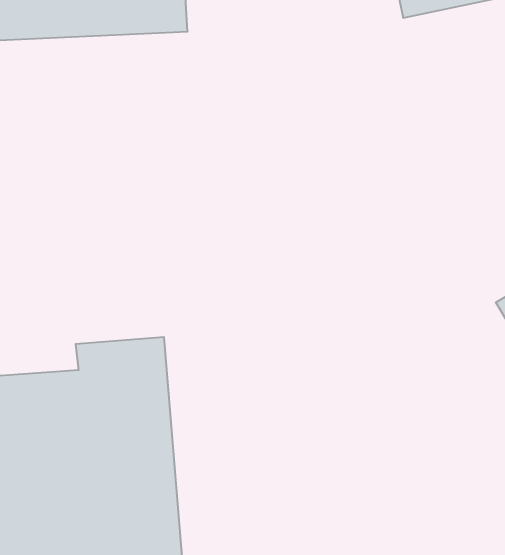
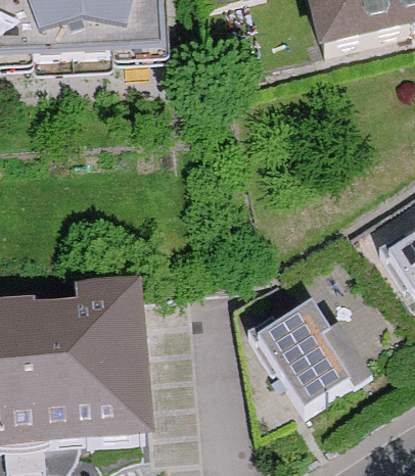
building: none -> [260,302,356,403]

